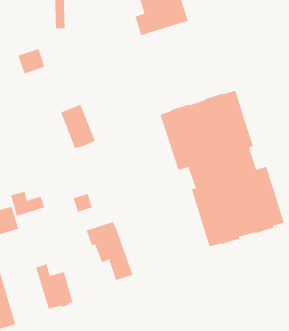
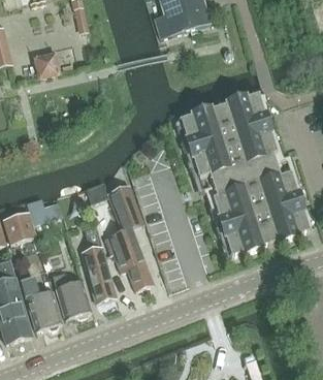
building: [61,104,96,149] -> [107,185,143,231]
building: none -> [82,225,116,304]
building: none -> [21,277,61,330]

